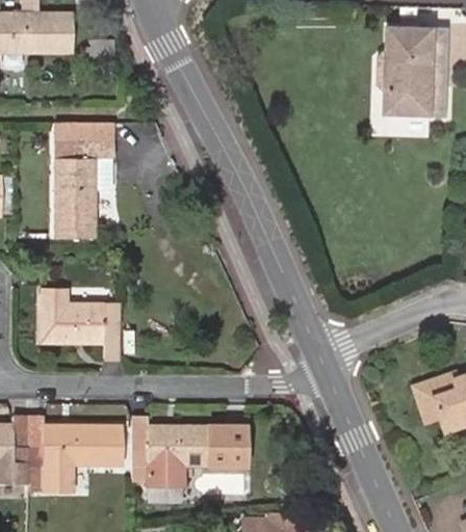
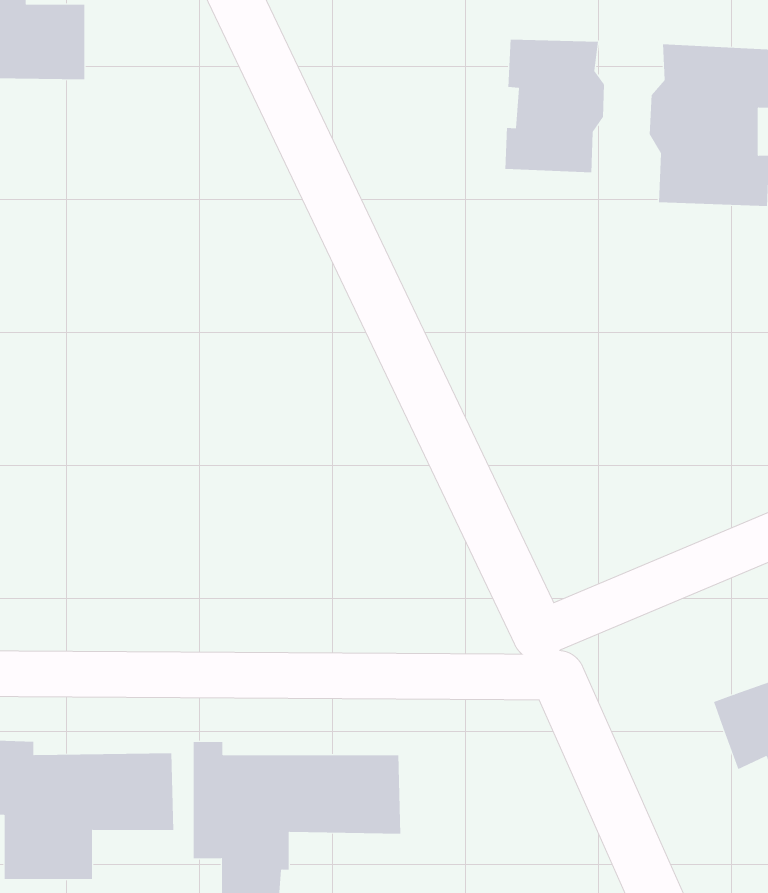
building: none -> [505,39,604,173]
building: [53,123,112,237] -> none
building: [40,289,119,354] -> none

